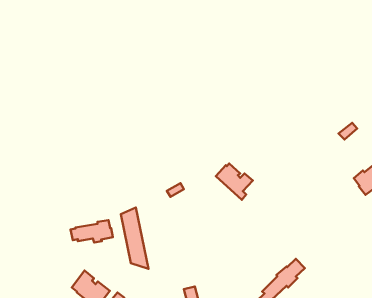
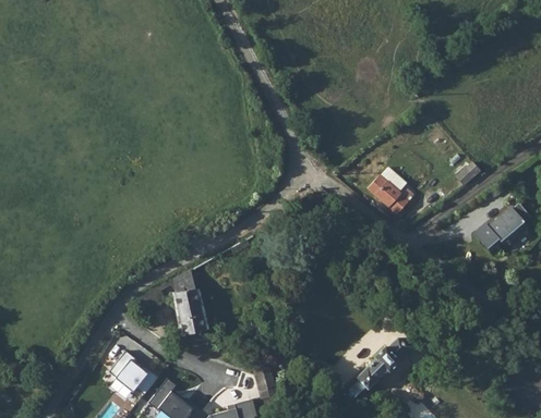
building: [216,164,253,200] -> [368,170,416,217]
building: [71,220,113,243] -> none

